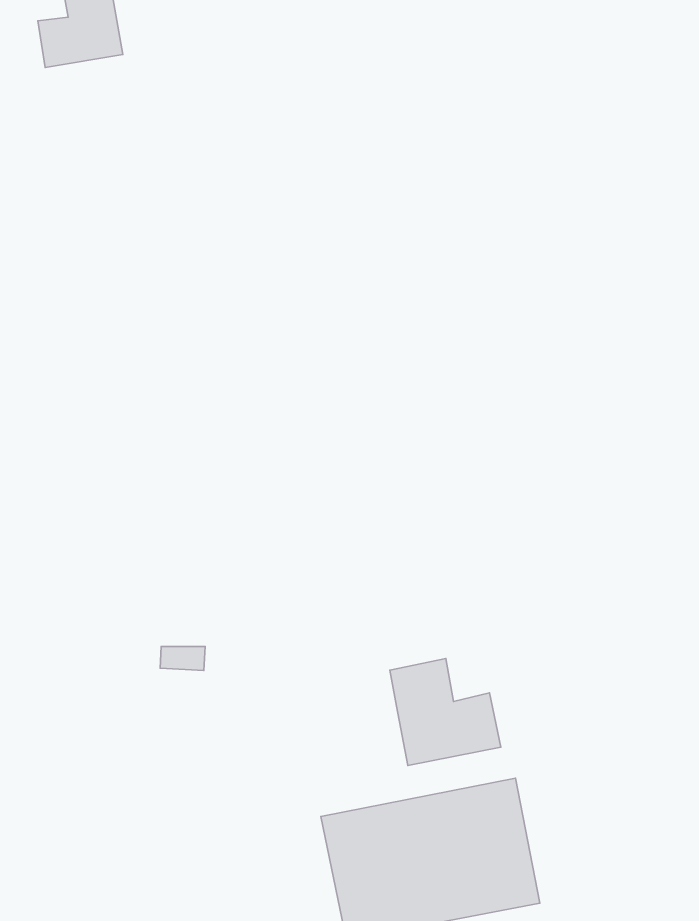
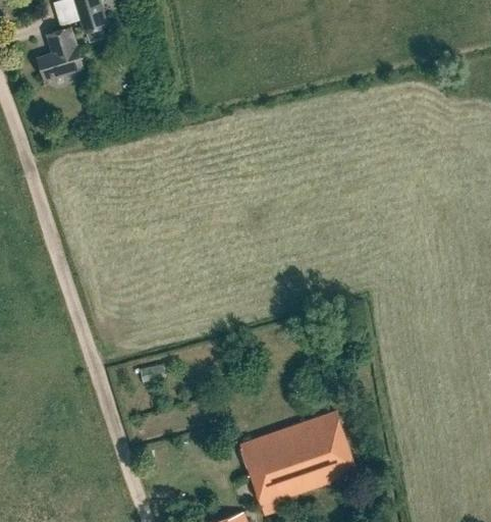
building: [390,658,501,766] -> none

